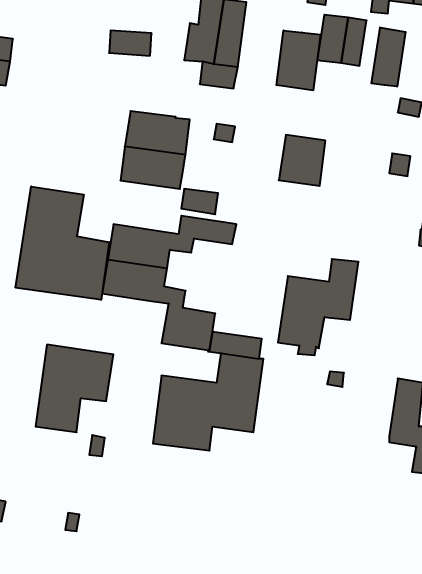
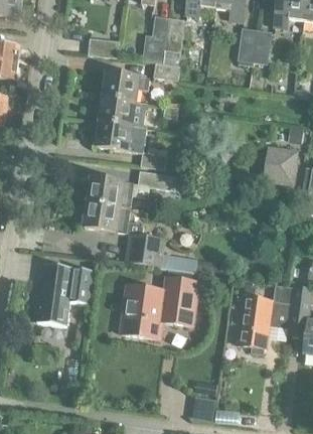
building: [371,27,406,87] -> none
building: [277,30,320,90] -> none
building: none -> [104,71,150,101]
building: [279,135,325,186] -> [263,148,296,184]
building: [16,186,109,300] -> none
building: [278,259,359,355] -> [237,285,294,353]

